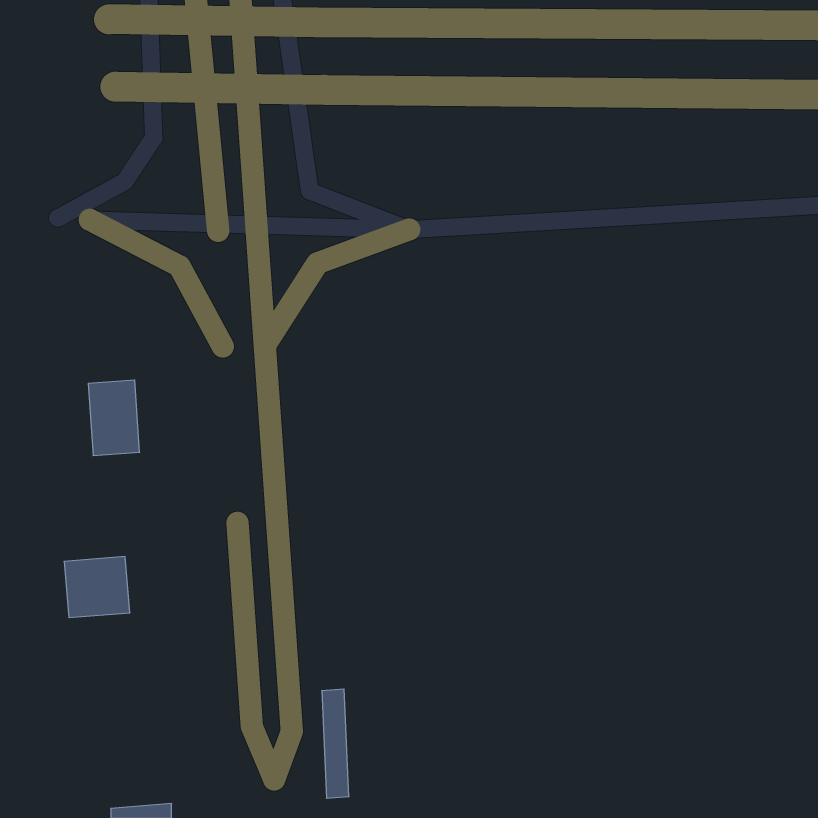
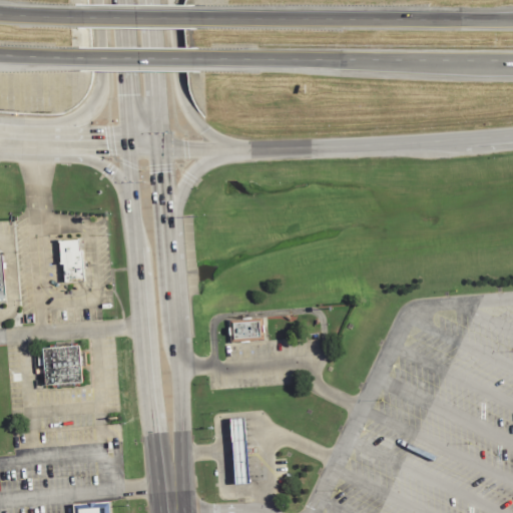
building: none -> [233,320,261,337]
building: [322,689,349,798] -> [230,417,247,485]

